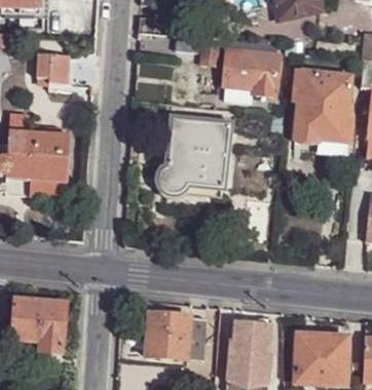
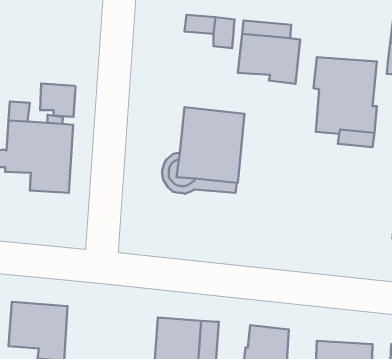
building: [37,53,70,84] -> [40,84,76,117]

